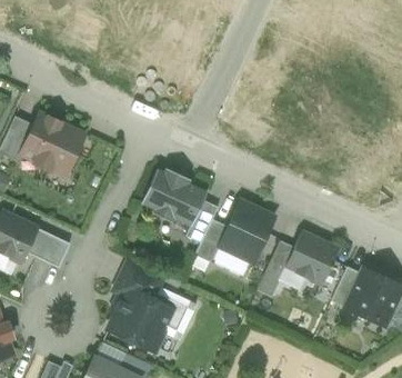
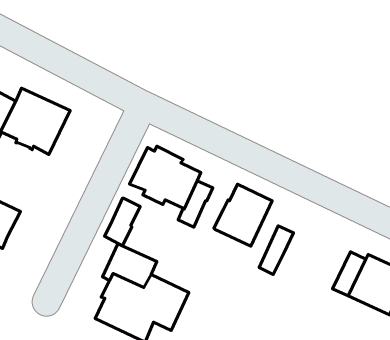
building: [194,219,228,263] -> [105,198,140,246]
building: [26,229,69,268] -> none
building: [284,232,338,285] -> none

